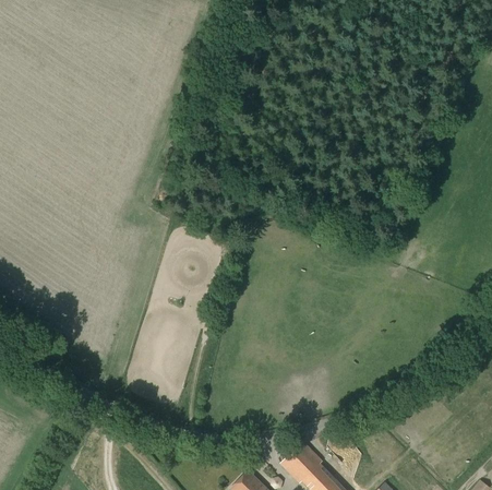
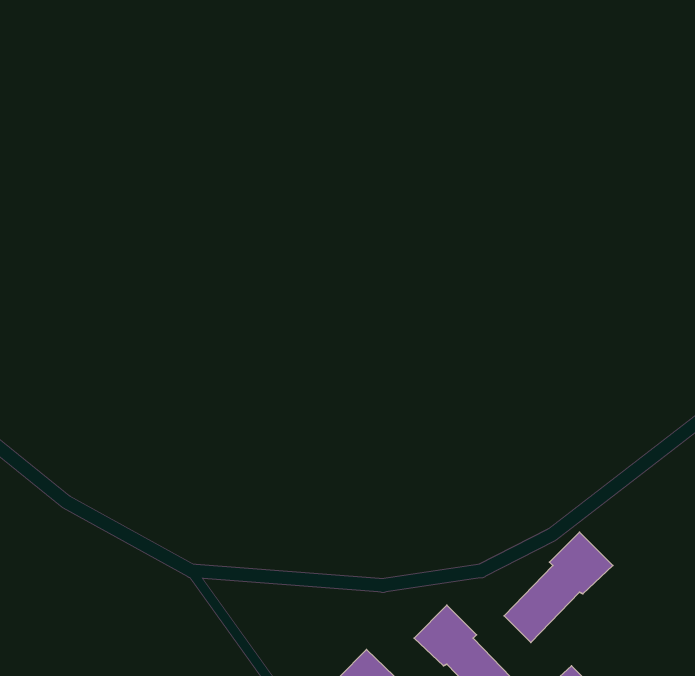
building: none -> [504,532,613,642]

